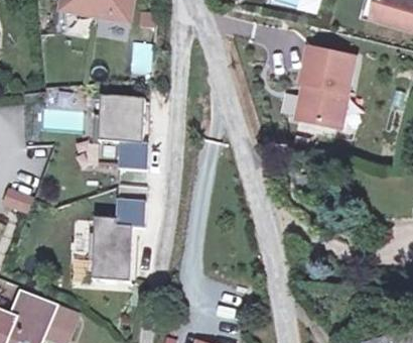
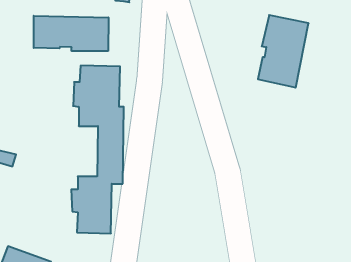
building: none -> [34,16,108,51]

